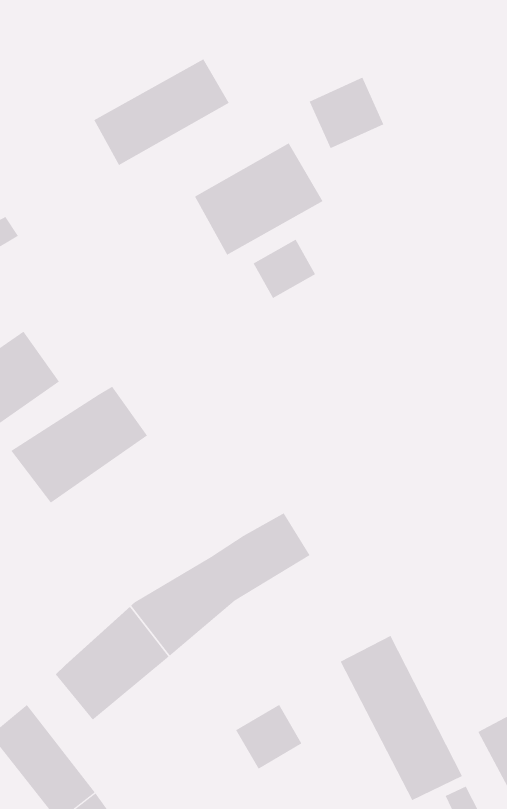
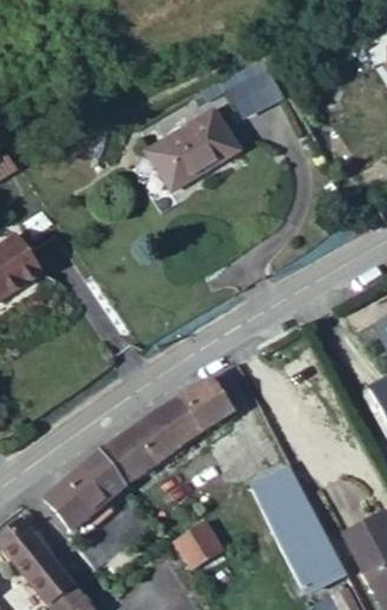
building: [93,59,230,166] -> none
building: [253,239,316,299] -> none
building: [11,386,148,504] -> none

